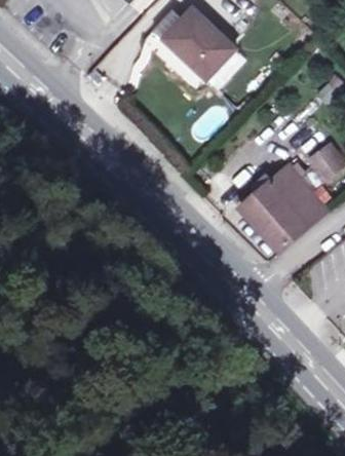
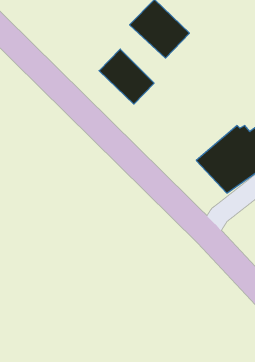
building: none -> [99,49,154,104]

